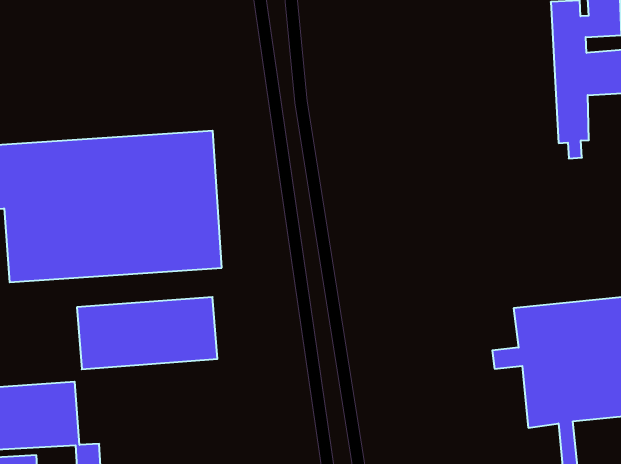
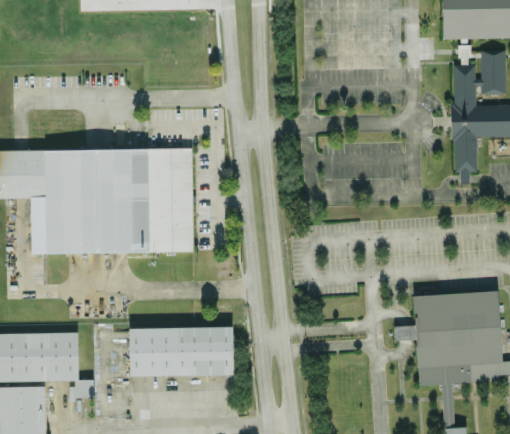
building: [77,297,217,369] -> [129,327,233,376]

